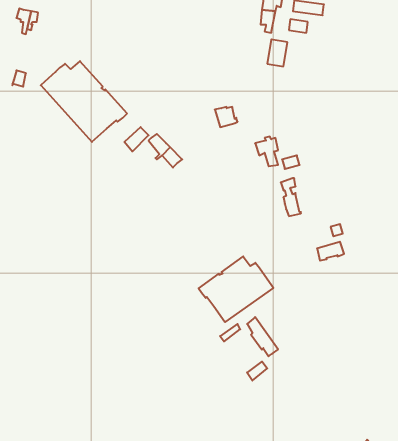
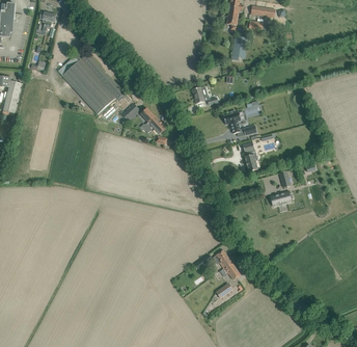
building: [199,256,273,322] -> none

